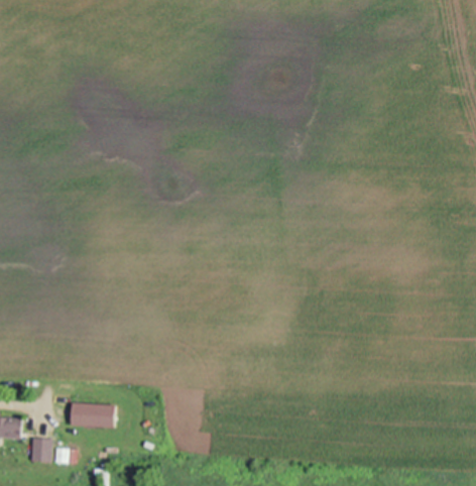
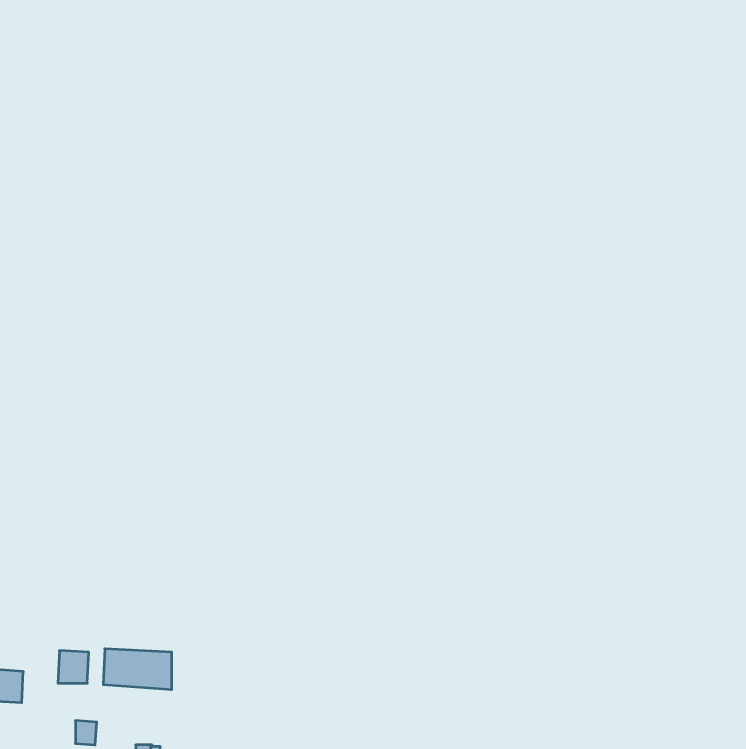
building: [31,439,50,459] -> [58,651,89,683]

